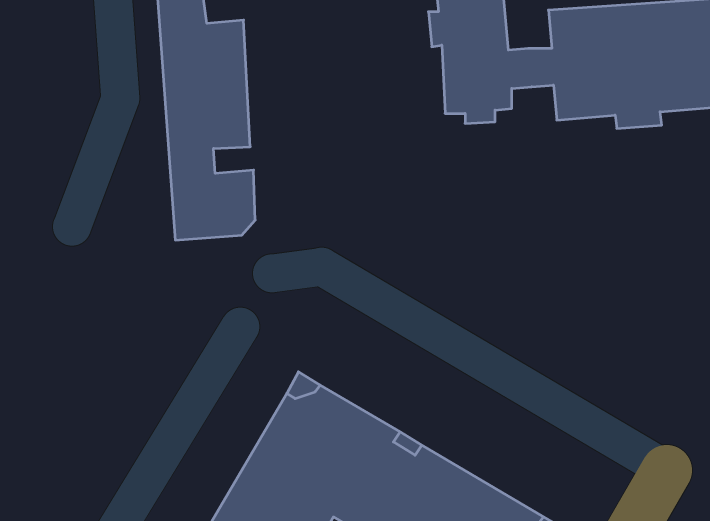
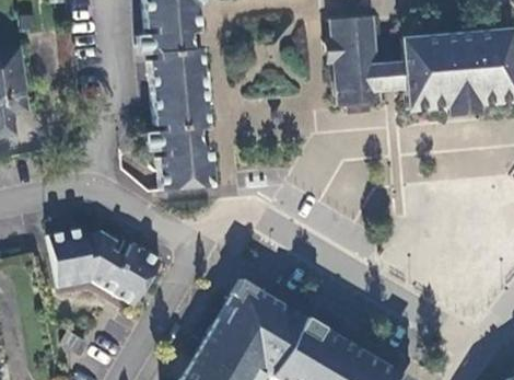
building: none -> [49,229,161,304]

